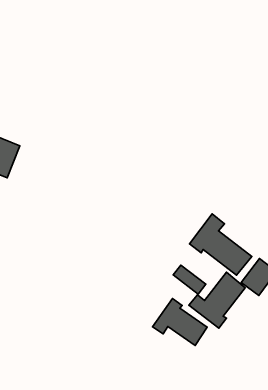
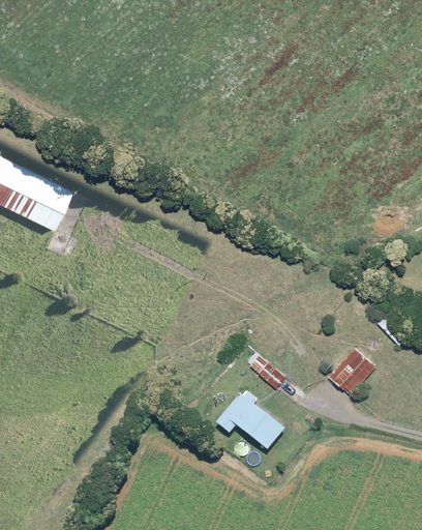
building: [189,214,252,275] -> none
building: [189,272,245,328] -> none

